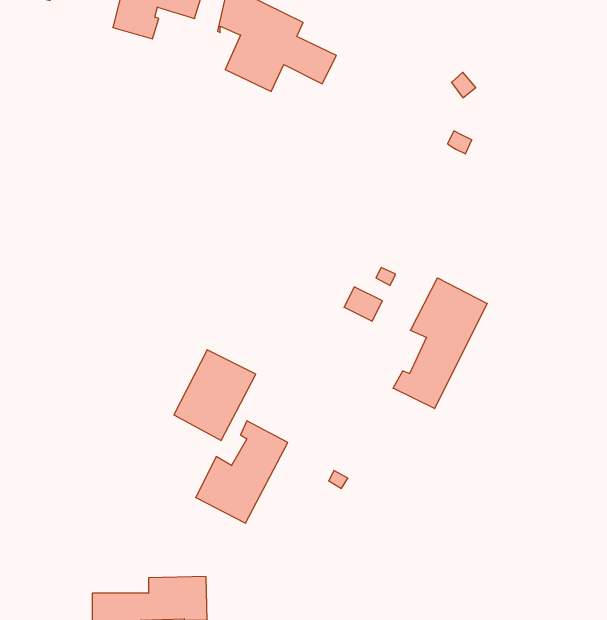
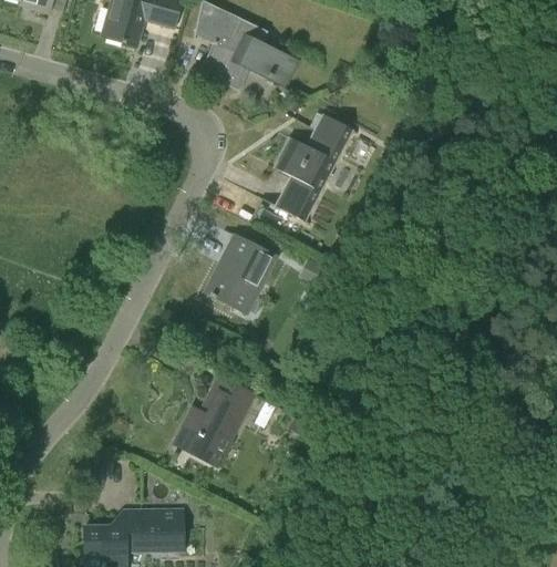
building: none -> [277,112,351,218]
building: [393,278,487,409] -> none
building: [174,350,256,440] -> [205,234,276,312]

